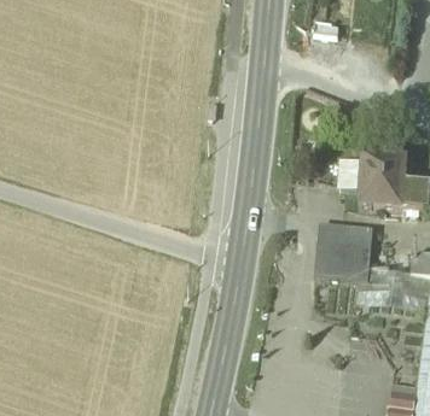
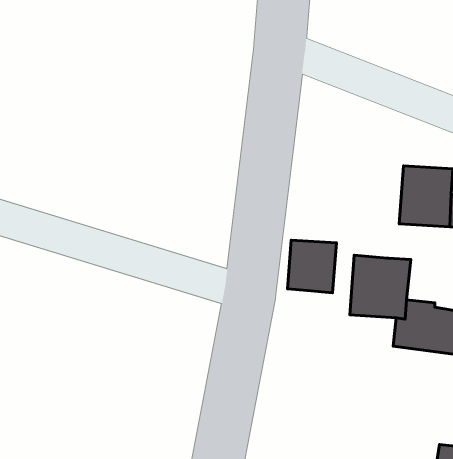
building: none -> [288,240,336,293]

